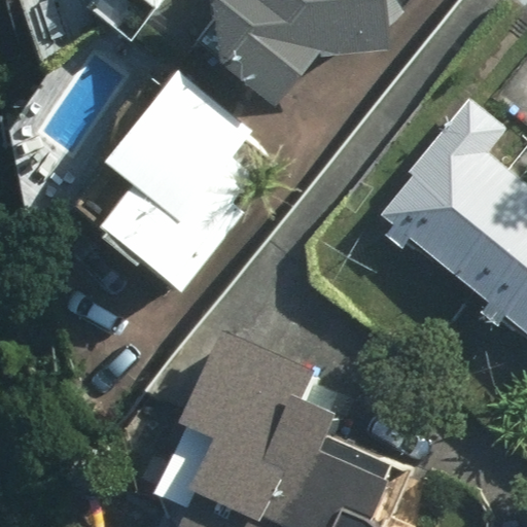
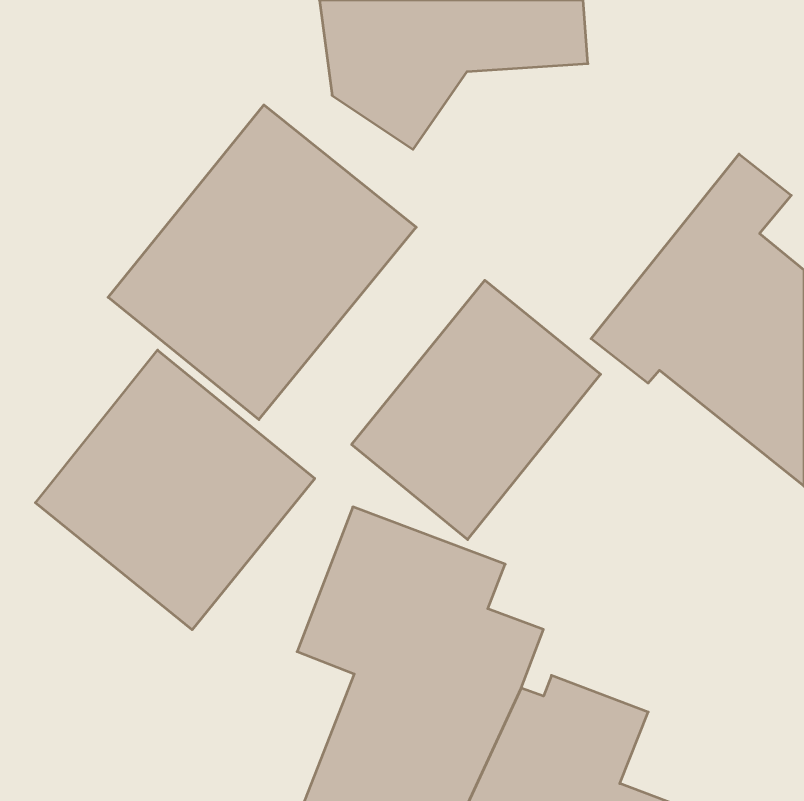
building: none -> [352,280,601,540]
building: none -> [35,350,315,630]

